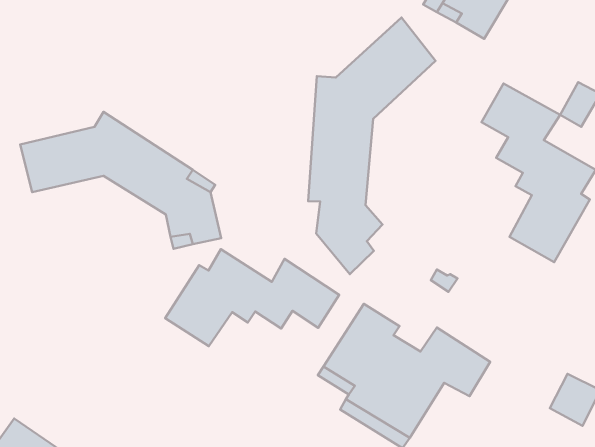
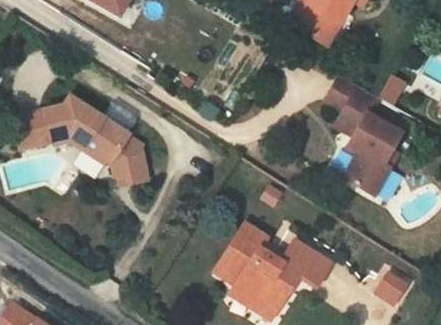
building: [308,18,435,274] -> none
building: [165,249,339,346] -> none

